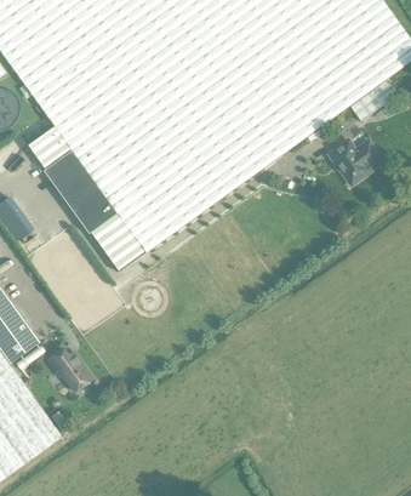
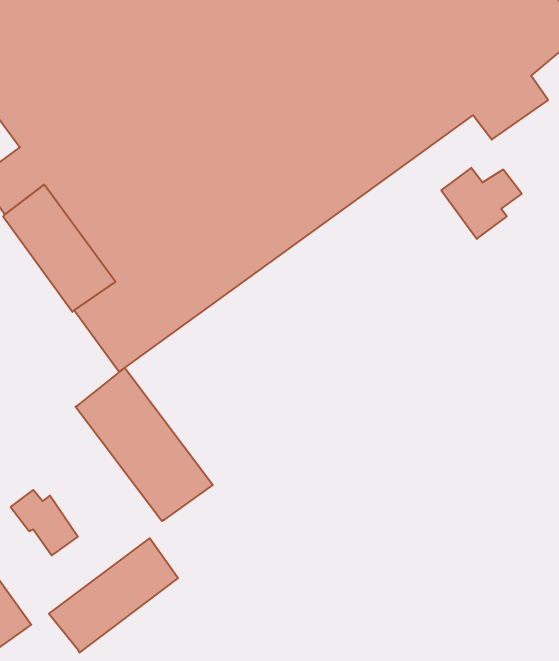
building: none -> [75,368,213,521]
building: none -> [49,538,178,653]

